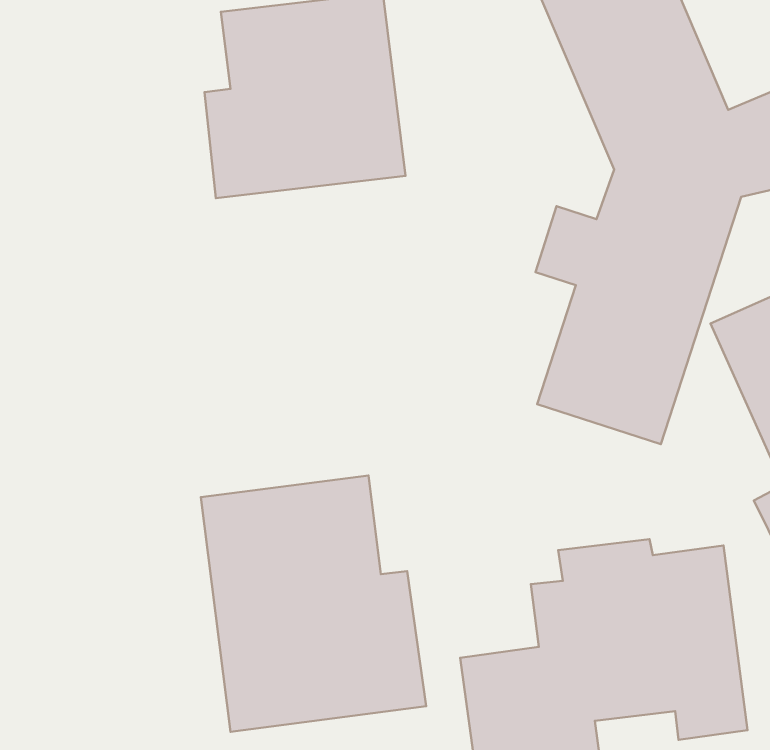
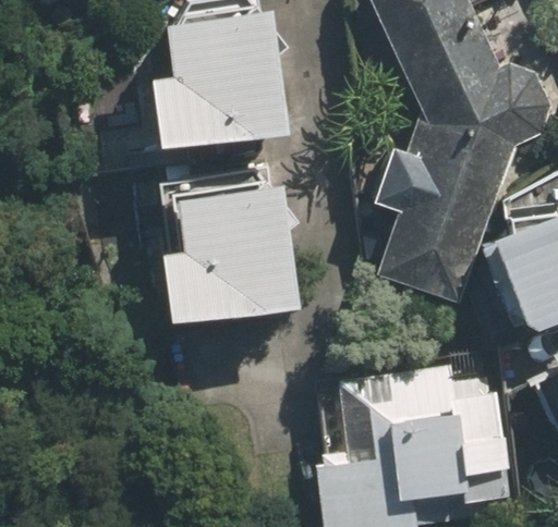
building: none -> [156,173,303,324]
building: [201,476,426,732] -> none

